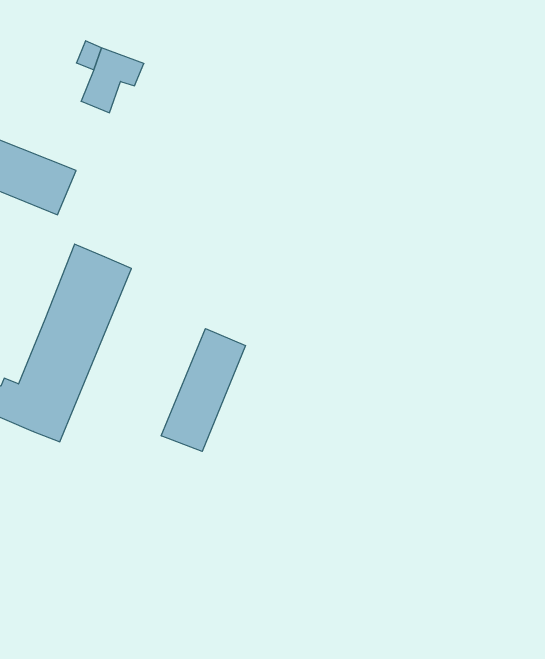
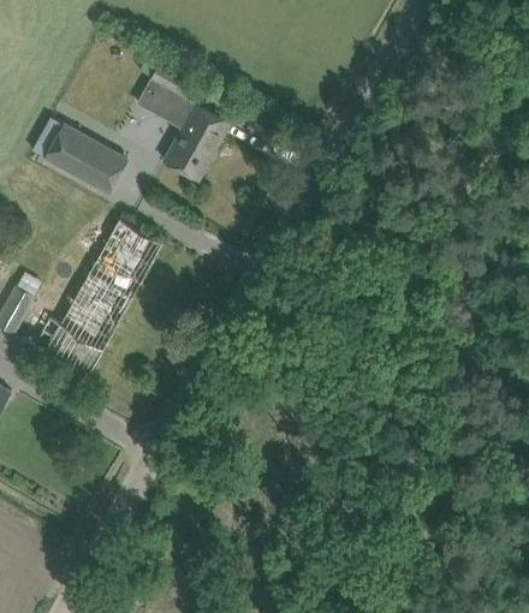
building: none -> [162,103,228,180]
building: [161,329,245,451] -> none

